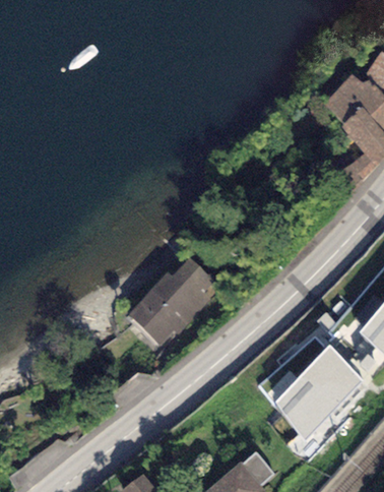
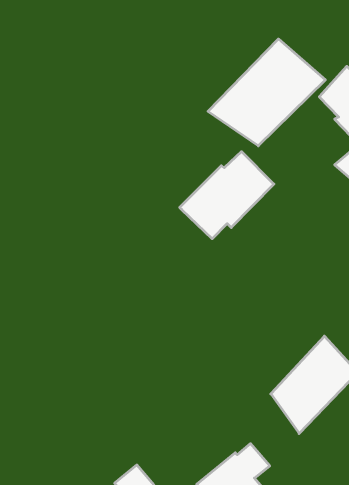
building: none -> [208,39,325,146]
building: [126,257,220,345] -> [180,152,274,239]

